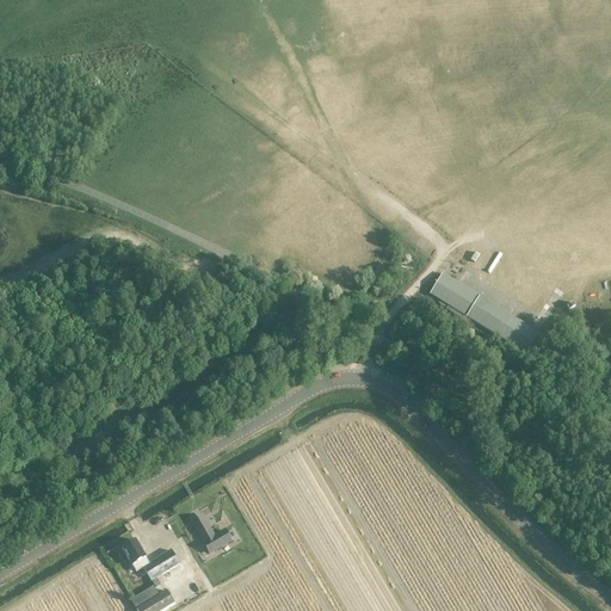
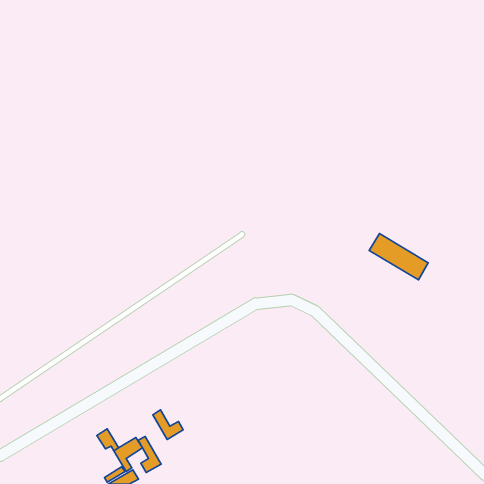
building: [428,272,479,315] -> none
building: none -> [138,437,161,473]

